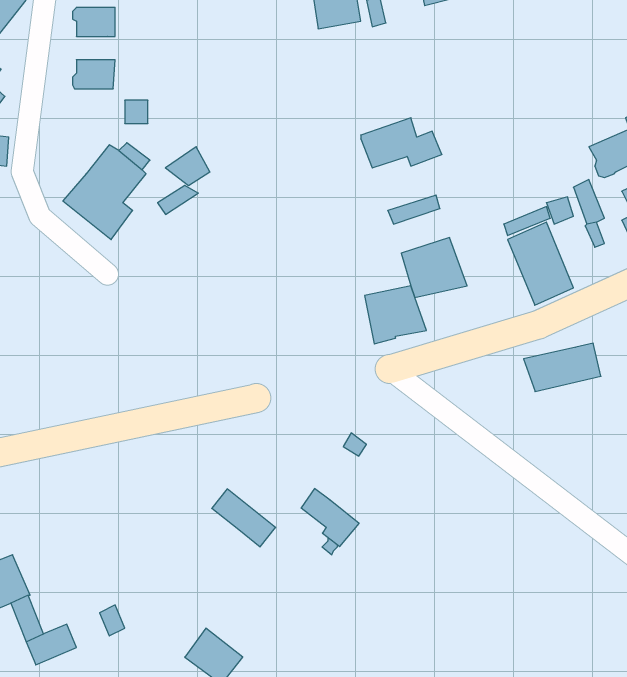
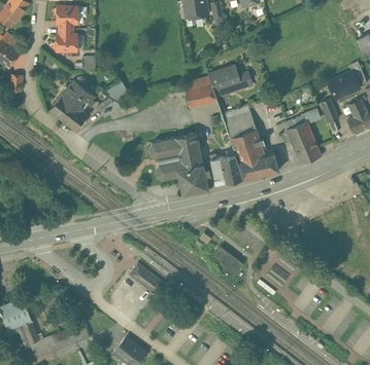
building: none -> [183,77,217,108]
building: none -> [225,114,256,138]
building: none -> [148,134,211,193]
building: [524,343,601,392] -> [237,153,278,179]
building: [301,489,359,547] -> [212,246,243,277]

